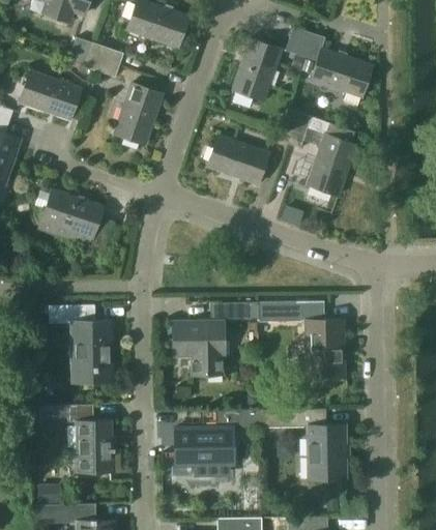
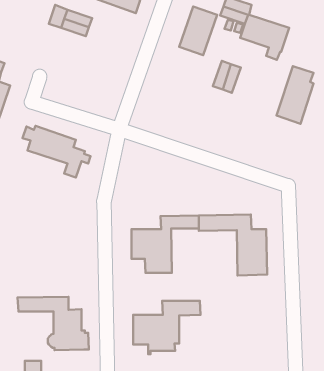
building: [19,71,81,119] -> none
building: [114,83,162,145] -> none
building: [308,123,354,196] -> [277,66,314,124]
building: [207,136,268,183] -> none
building: [49,305,112,382] -> none
building: [259,409,345,479] -> none

